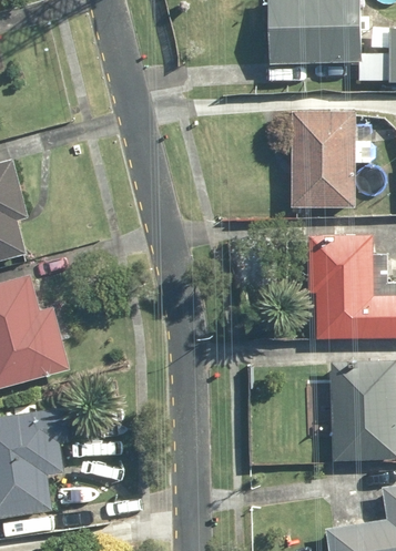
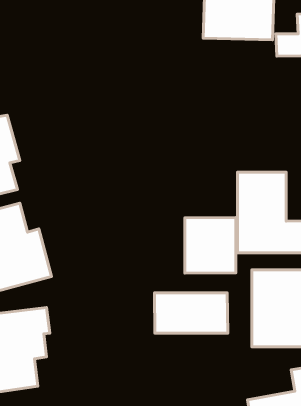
building: [290,112,370,207] -> none
building: none -> [185,218,236,273]
building: none -> [155,293,228,333]

